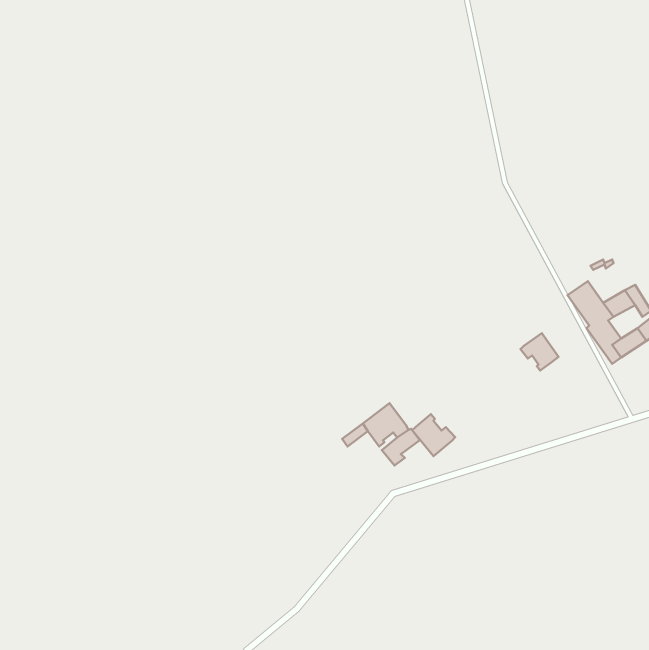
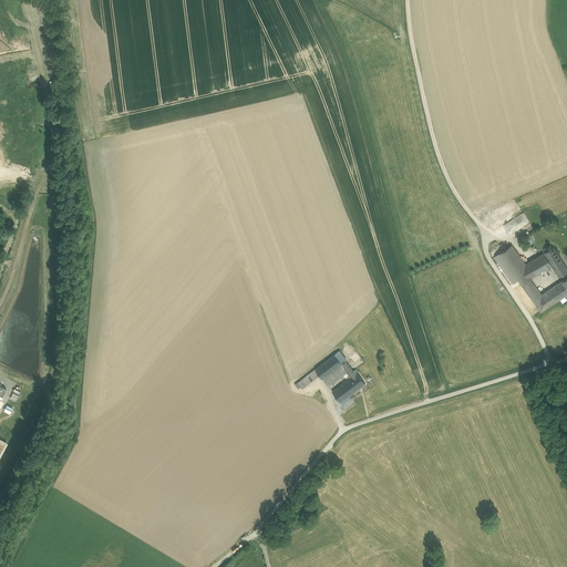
building: [521,333,558,371] -> none
building: [412,414,455,456] -> none

